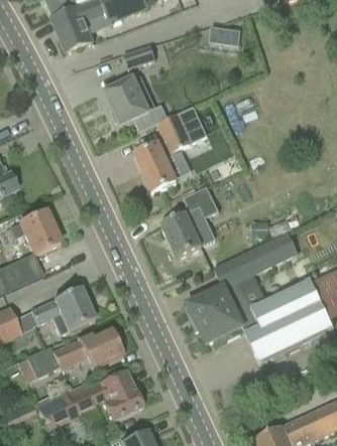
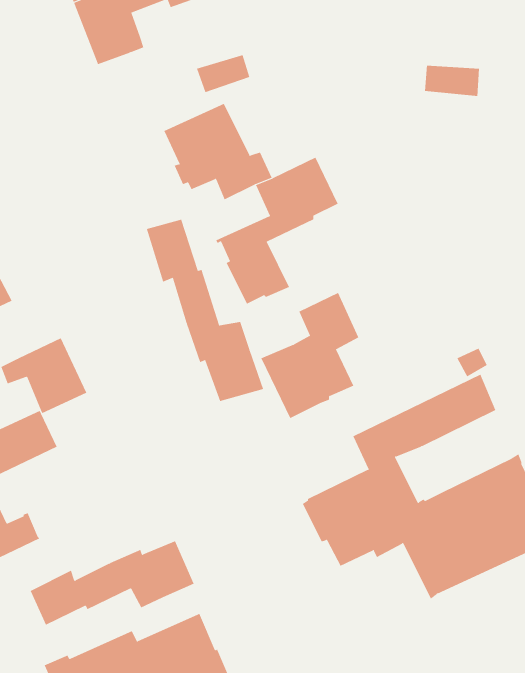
building: [208,24,240,42] -> [424,65,480,96]
building: none -> [146,219,264,402]
building: [31,286,96,334] -> none

